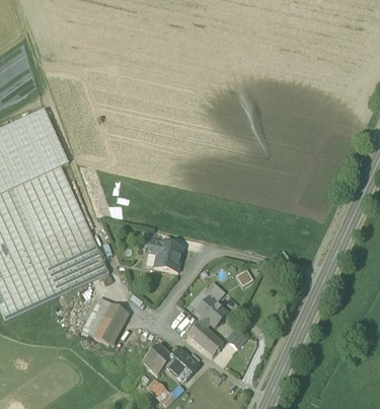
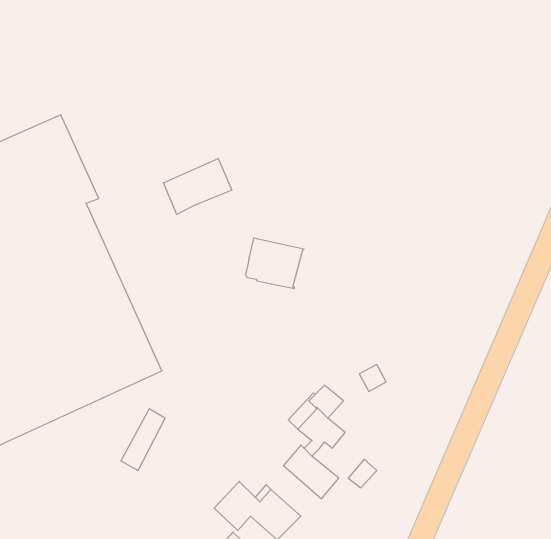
building: none -> [163,158,232,214]
building: [147,240,184,272] -> [246,238,304,289]
building: [94,303,127,344] -> none

